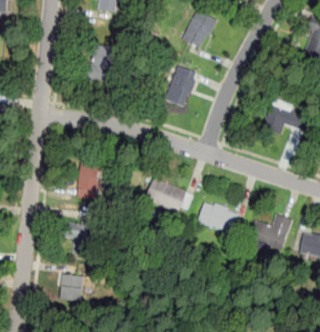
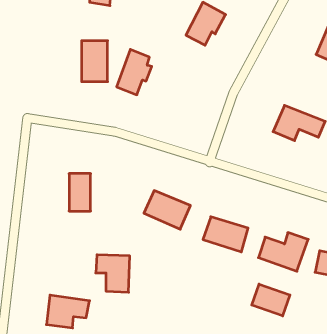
building: [165,64,197,105] -> [117,49,152,95]
building: [62,220,93,254] -> [96,255,130,292]
building: none -> [252,284,290,316]

